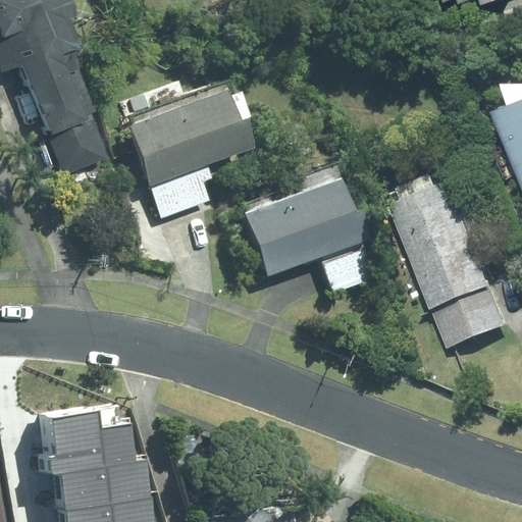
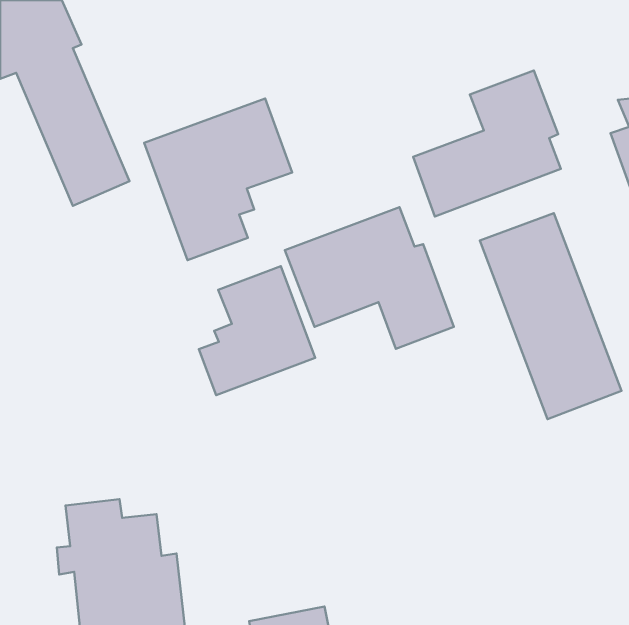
building: none -> [413,70,561,217]
building: none -> [199,266,315,395]

